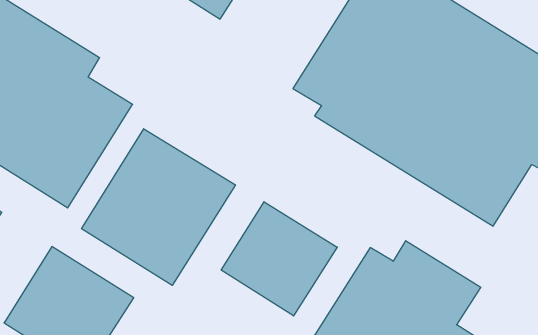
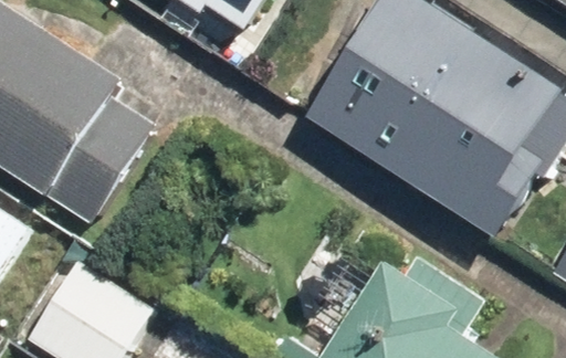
building: [82,129,235,285] -> none
building: [221,202,337,316] -> none

